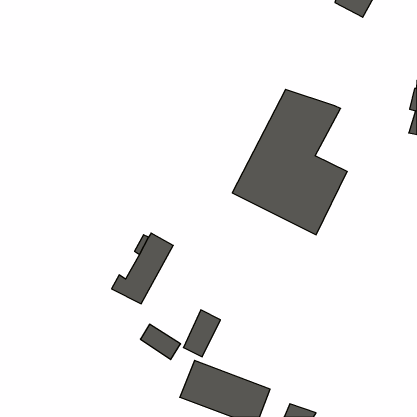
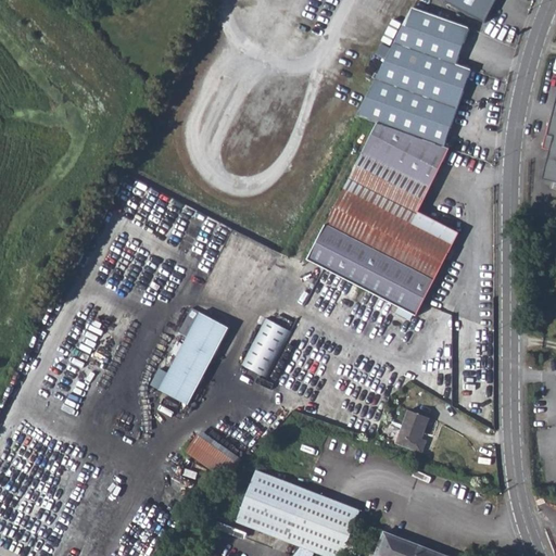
building: none -> [355,11,471,140]
building: [183,310,220,357] -> [241,314,290,376]
building: none -> [395,414,426,455]

